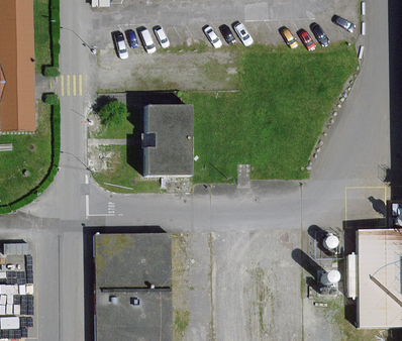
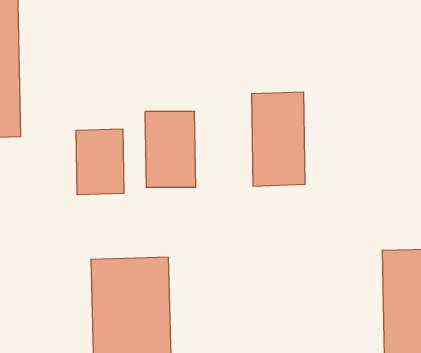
building: none -> [252,92,305,186]
building: none -> [76,129,124,195]

